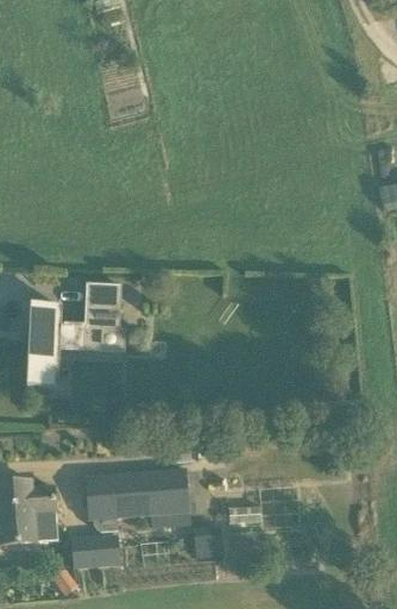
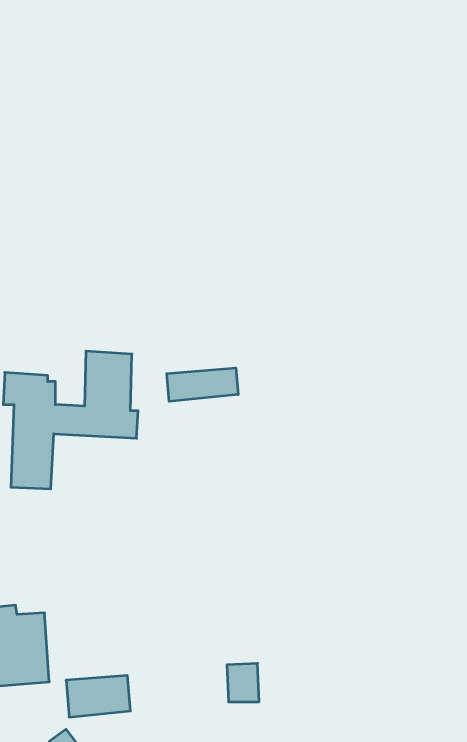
building: none -> [167,368,238,401]
building: [84,469,190,532] -> none

